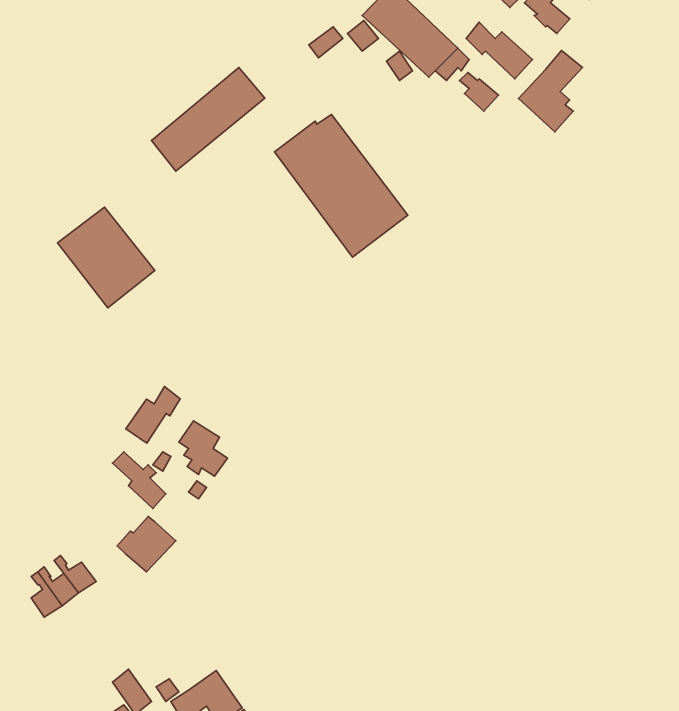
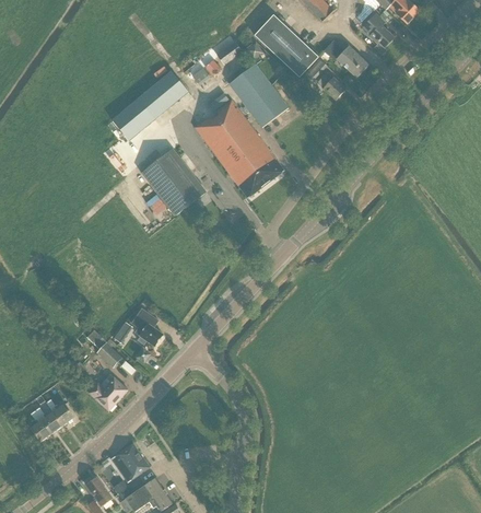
building: [519,51,582,132] -> none
building: none -> [228,63,286,127]
building: [58,207,155,308] -> [140,149,206,217]
building: [126,387,180,443] -> none
building: none -> [110,443,149,482]

